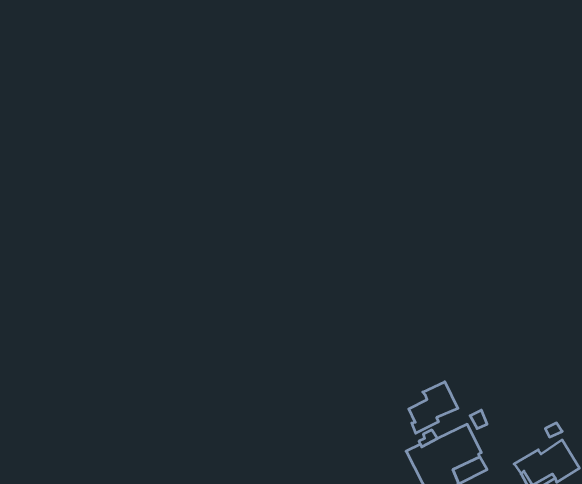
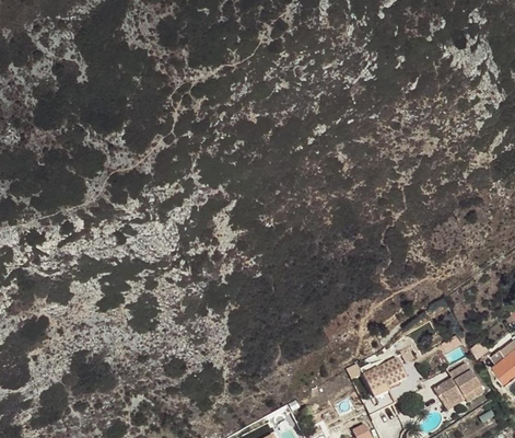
building: [409,382,458,433] -> none

